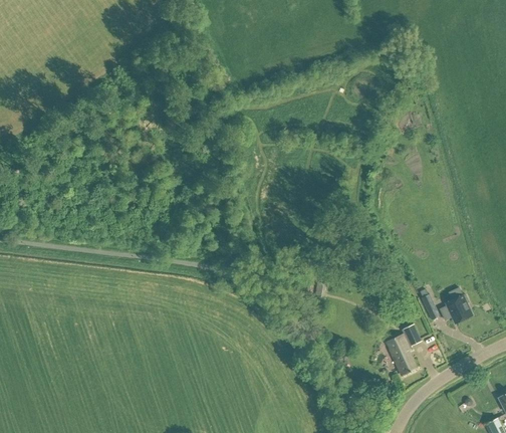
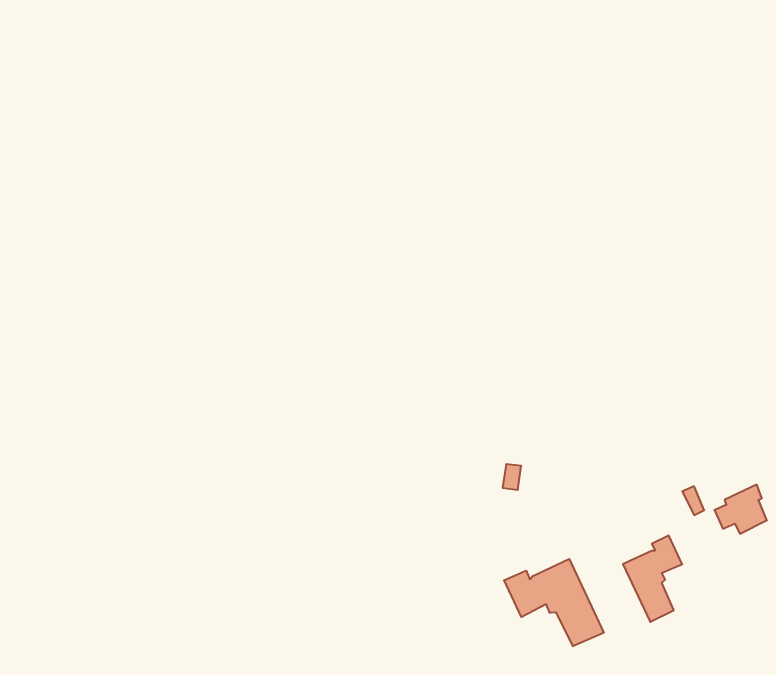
building: none -> [504,559,604,646]

